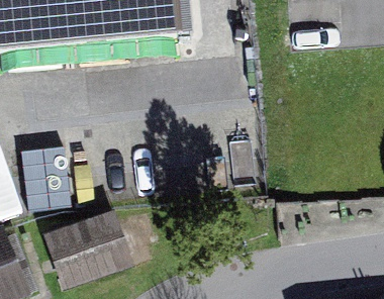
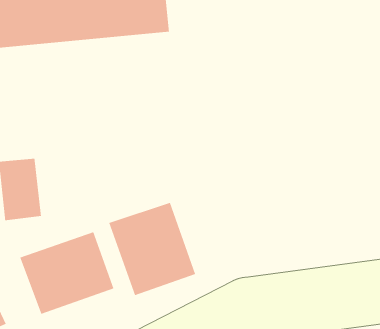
building: none -> [108,202,196,296]

